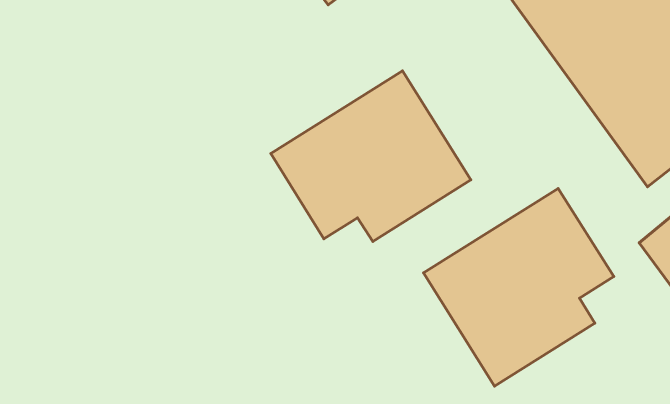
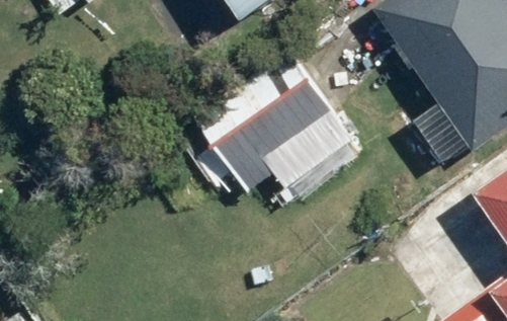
building: [423,188,614,386] -> none

